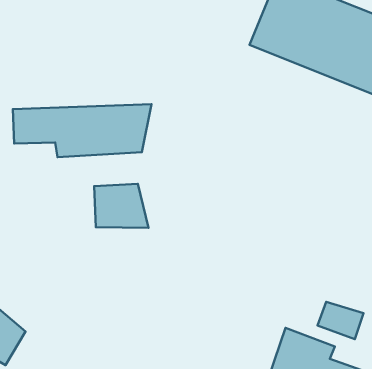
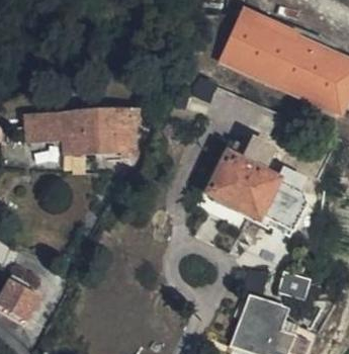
building: none -> [207,143,308,233]
building: [94,184,149,228] -> none

